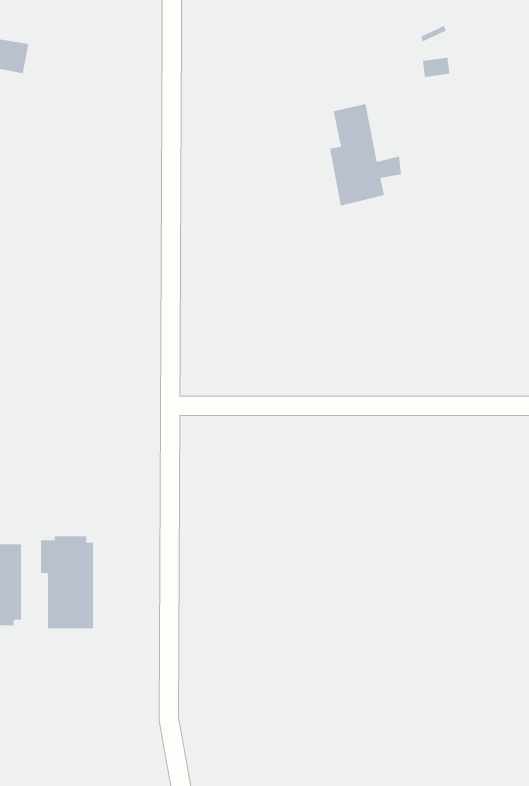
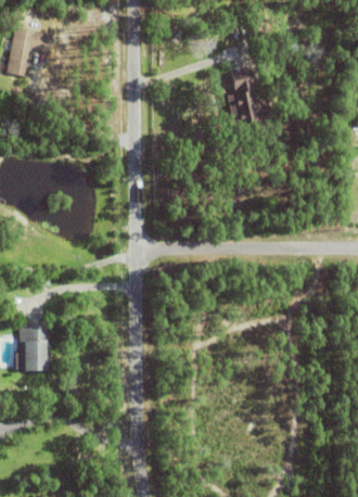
building: [40,535,94,629] -> none

